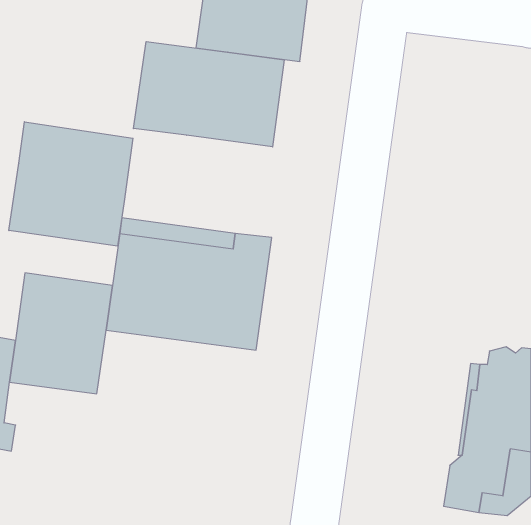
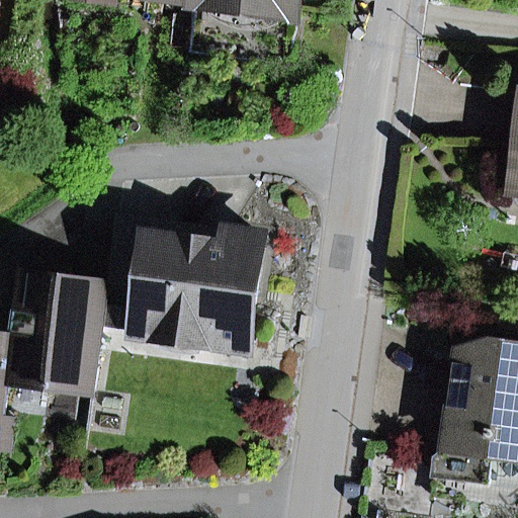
building: [133,42,284,147] -> none
building: [9,122,133,246] -> none

